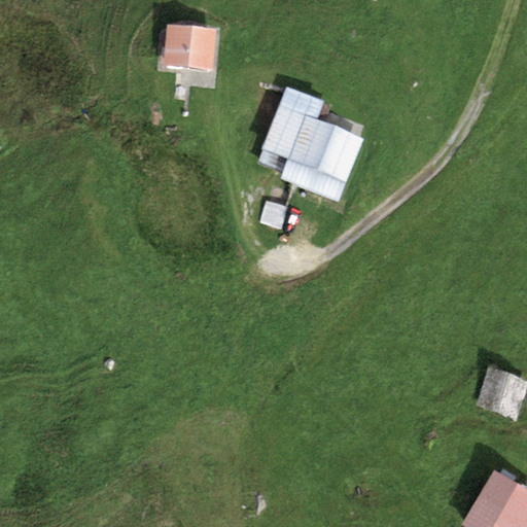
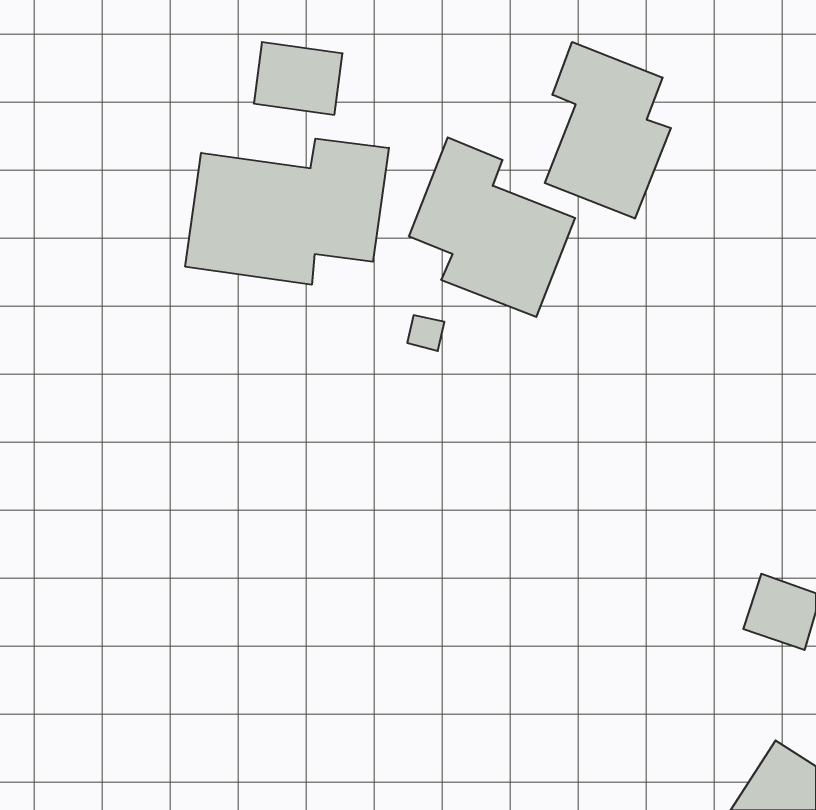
building: none -> [545,42,671,219]
building: none -> [185,139,389,285]

